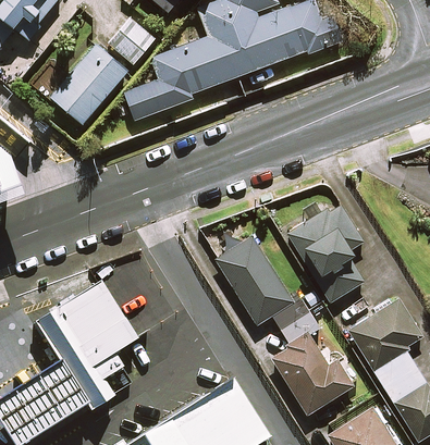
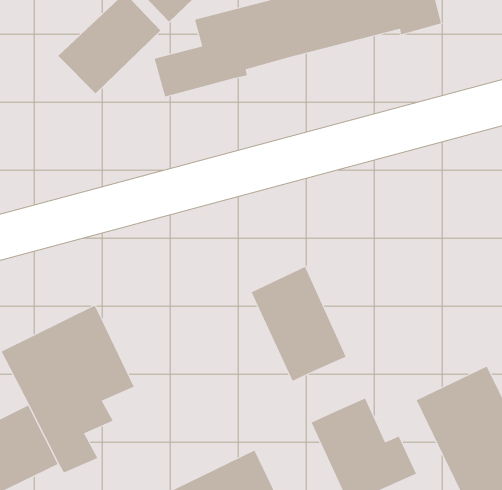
building: [286,202,364,302] -> none
building: [269,297,318,345] -> none

